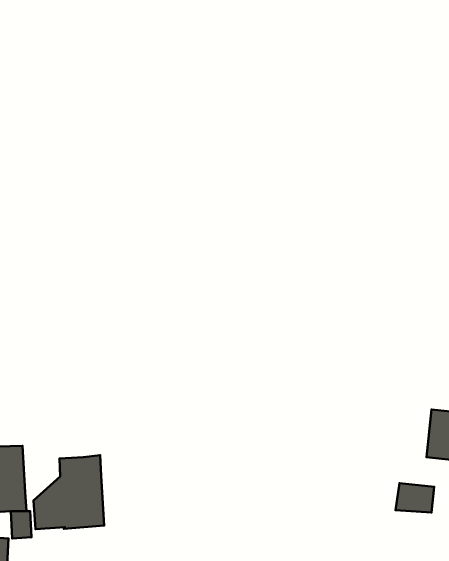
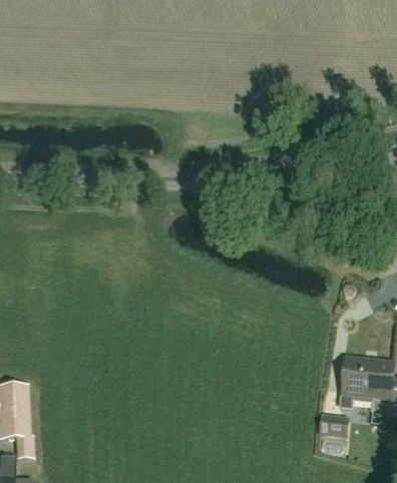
building: [34,455,104,529] -> none

